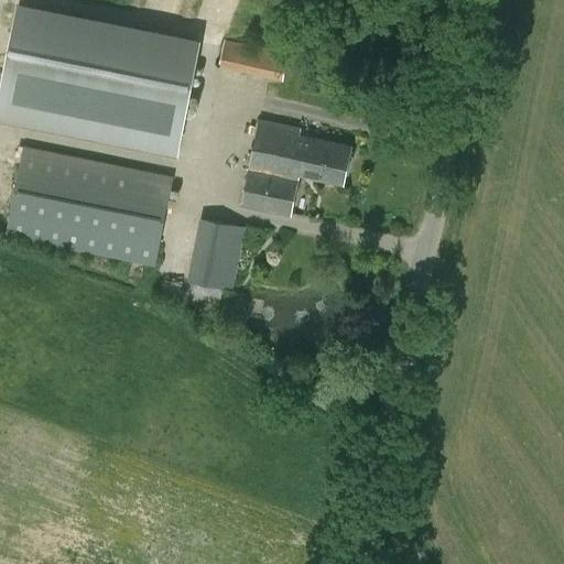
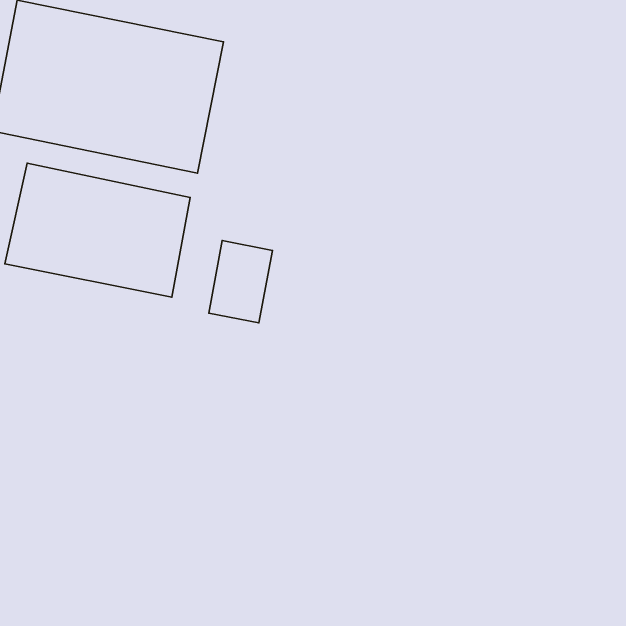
building: [218,41,286,82] -> none
building: [240,121,350,217] -> none

